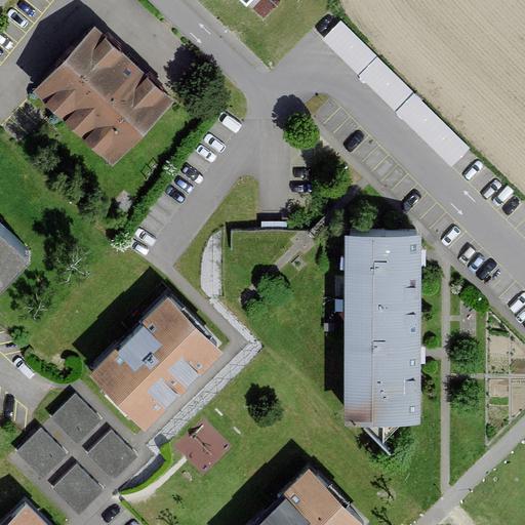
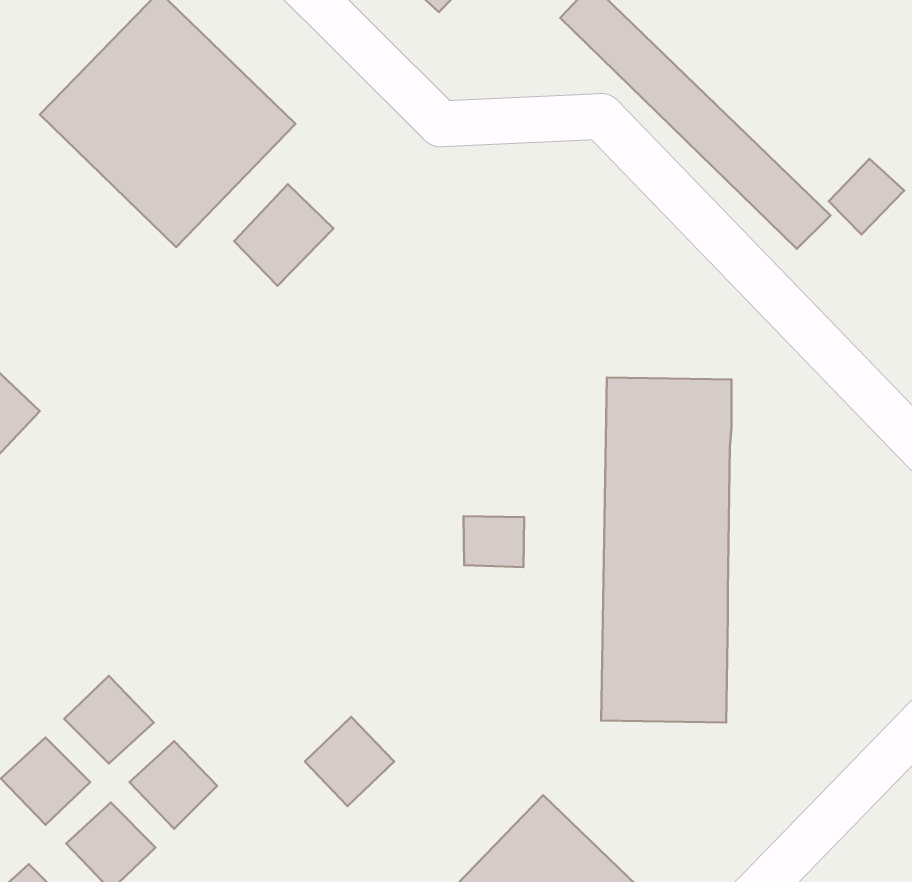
building: none -> [829,159,904,235]
building: none -> [234,184,333,286]
building: [91,296,223,427] -> none
building: none -> [464,516,524,567]

